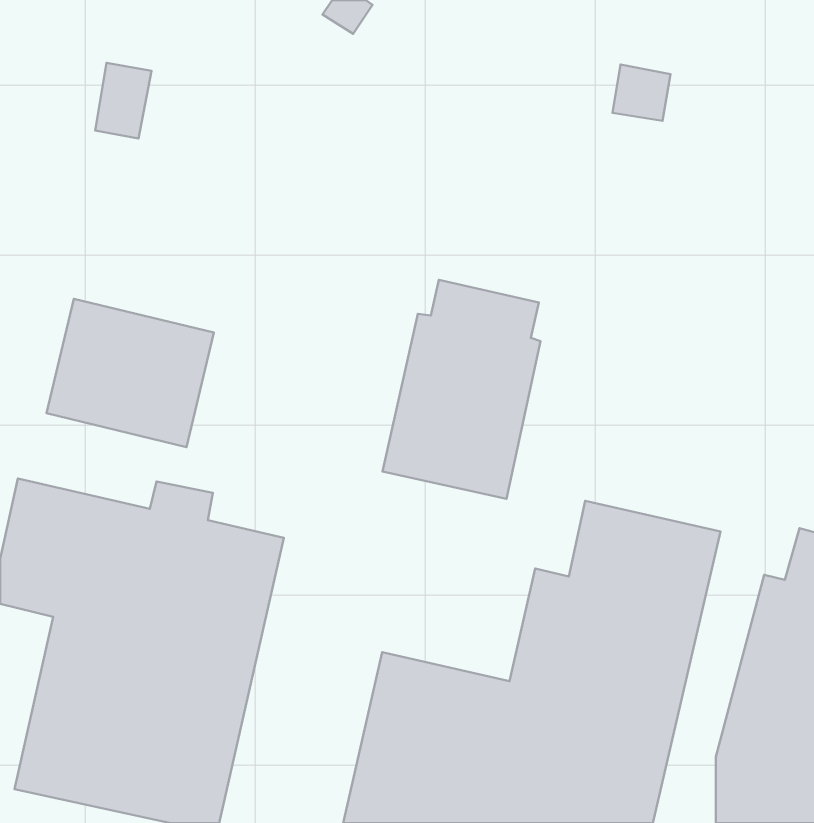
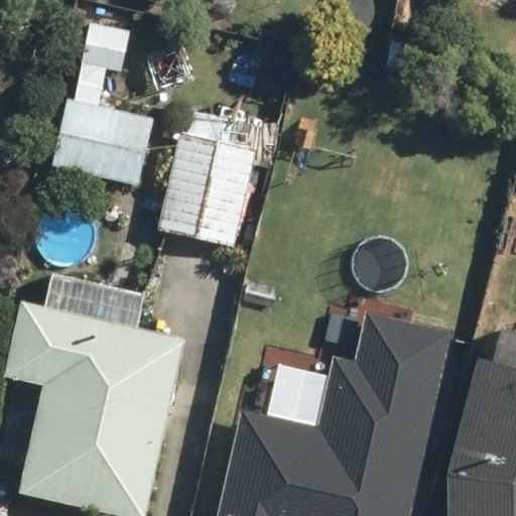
building: [383,280,540,499] -> [156,110,255,247]
building: [46,299,214,447] -> [47,95,152,187]

